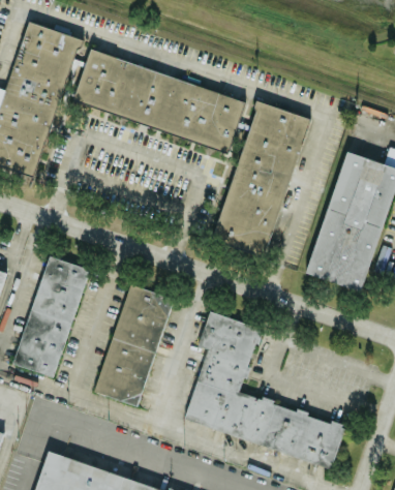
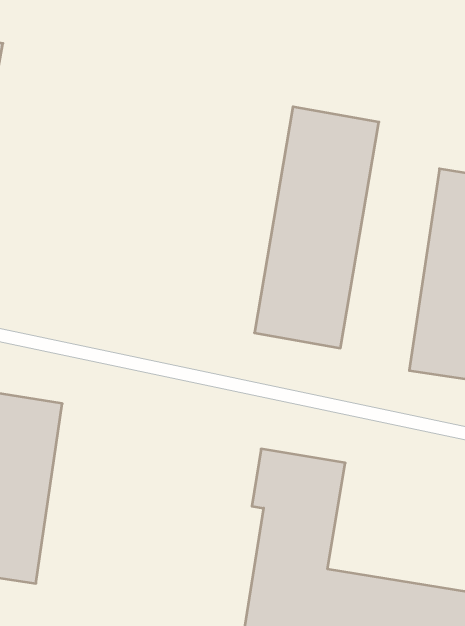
building: [73,54,245,150] -> none
building: [94,284,173,406] -> none

